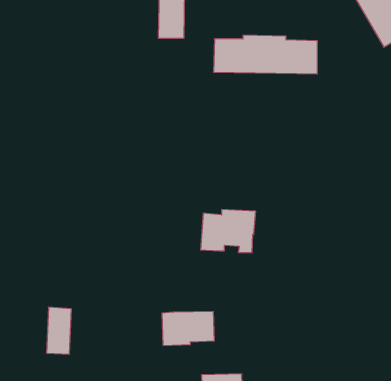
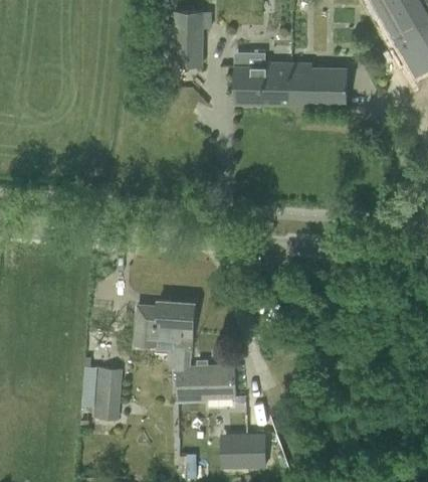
building: [201,209,256,253] -> [135,300,195,347]
building: [47,307,71,354] -> [92,367,120,419]

